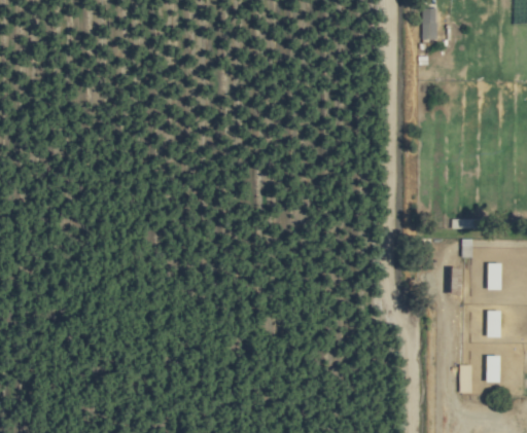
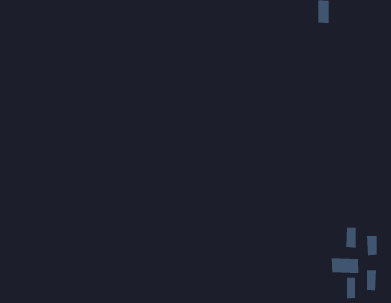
building: [486,263,500,291] -> [345,227,357,248]
building: none -> [331,258,359,274]

